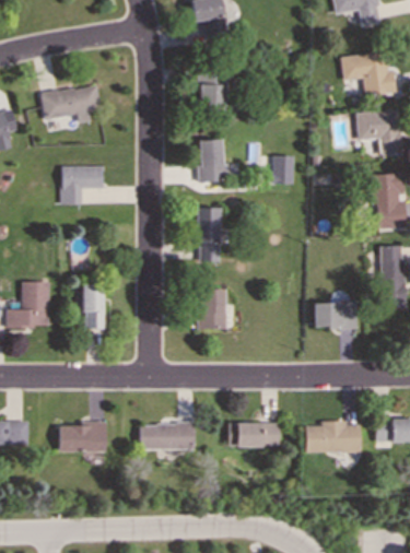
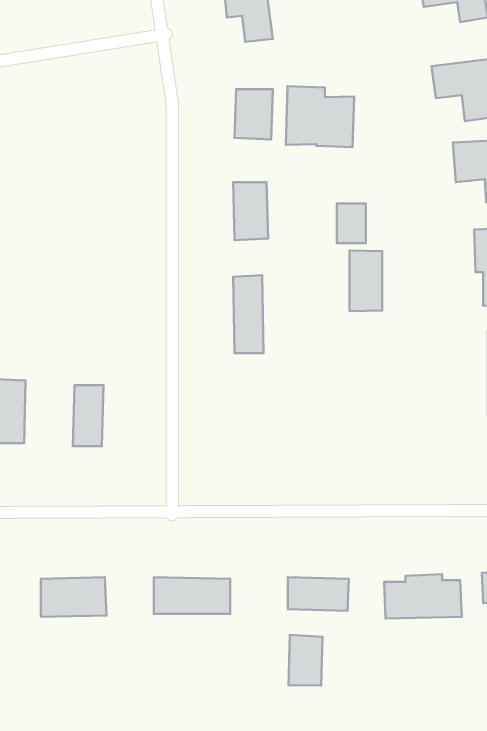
building: none -> [286,86,354,147]
building: [42,84,102,123] -> none
building: [62,165,104,204] -> none
building: none -> [349,250,382,311]
building: [198,289,225,329] -> none
building: [314,302,355,329] -> none
building: none -> [289,635,322,686]

